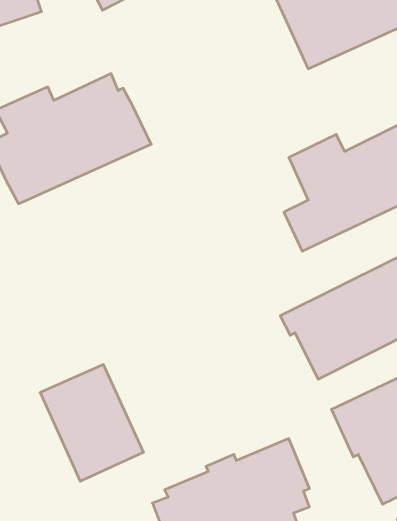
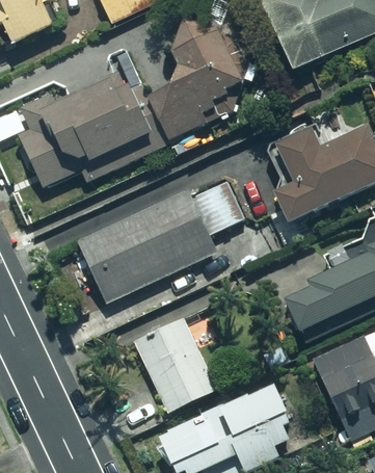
building: none -> [137,20,251,148]
building: none -> [78,178,255,303]
building: [40,365,144,481] -> [133,312,221,412]

